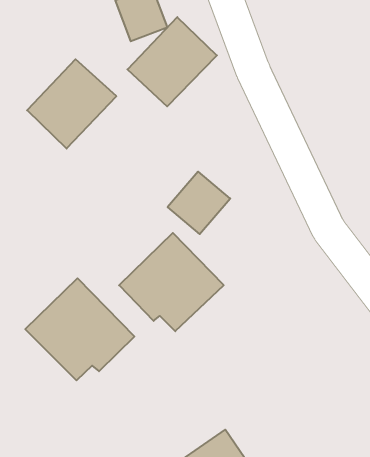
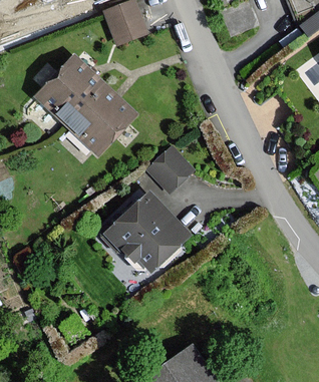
building: [127,17,217,106] -> [66,85,136,155]
building: [25,278,134,380] -> none

